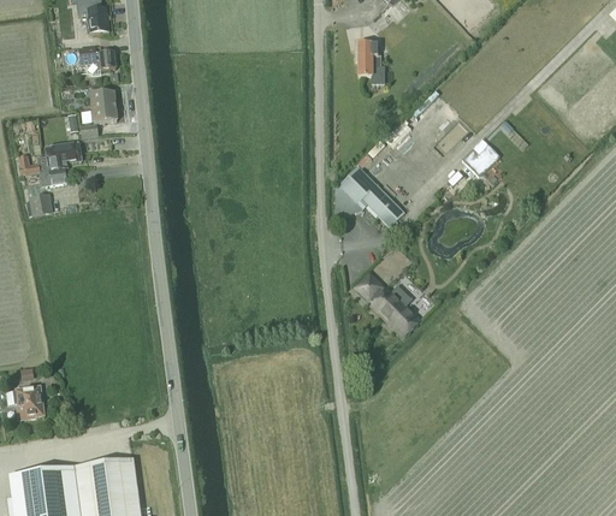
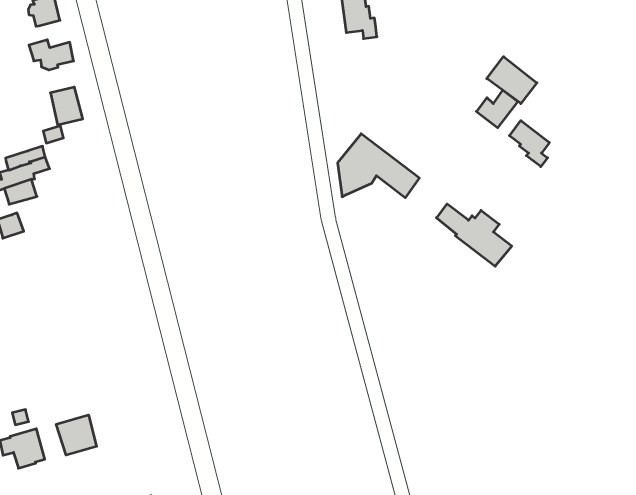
building: none -> [487,57,537,104]
building: none -> [509,121,549,167]
building: [357,273,420,333] -> [436,204,512,266]
building: none -> [56,415,97,455]

